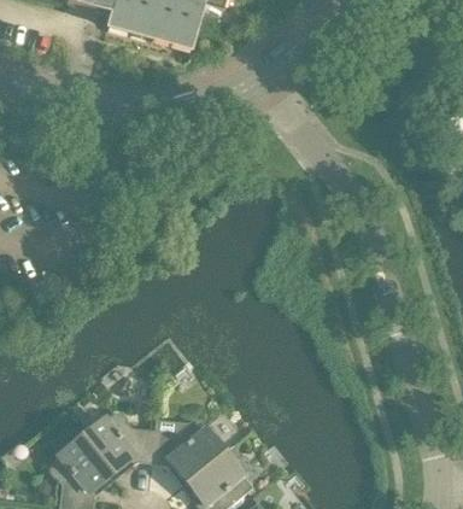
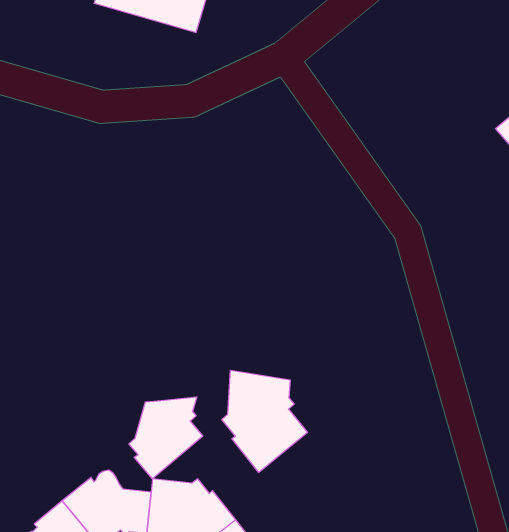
building: none -> [222,370,307,472]
building: none -> [129,397,203,479]

